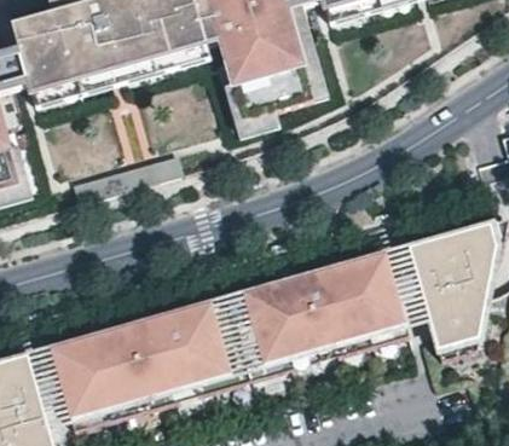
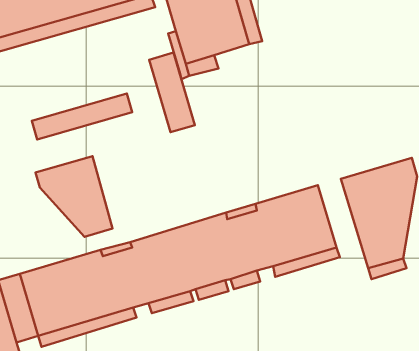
building: none -> [149,53,195,132]
building: none -> [36,156,112,237]
building: [384,242,430,318] -> none

